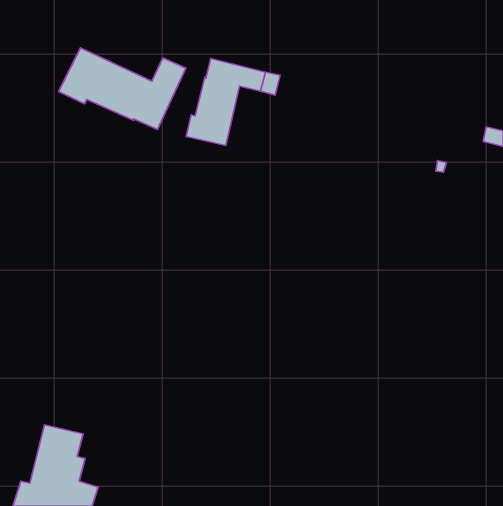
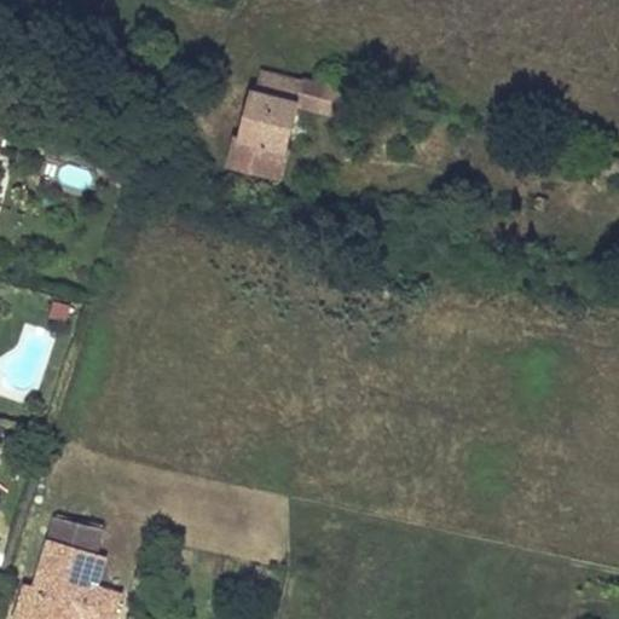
building: [59,48,186,130] -> none

